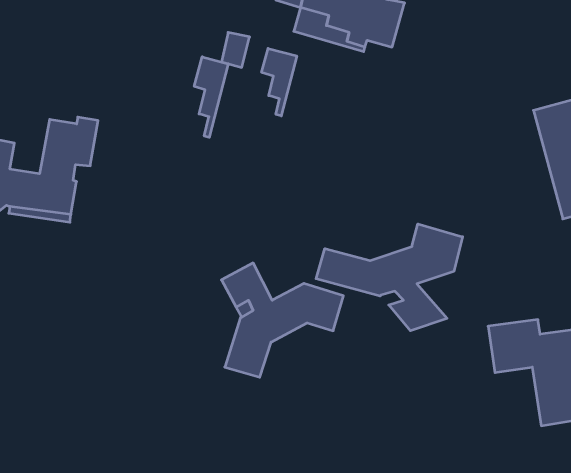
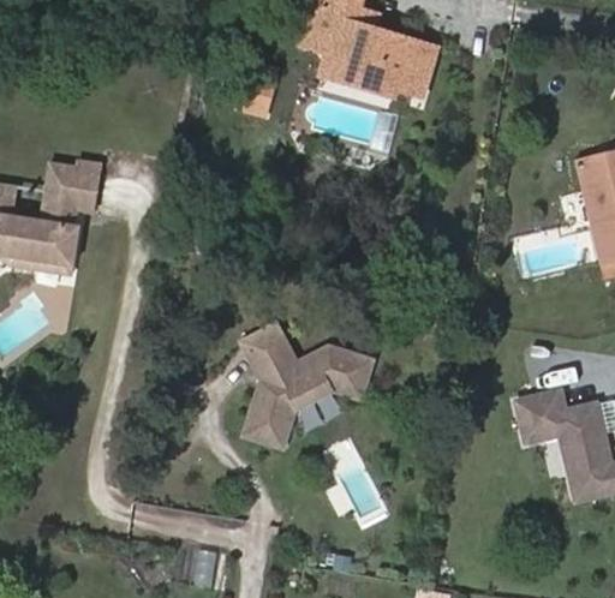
building: [262,48,297,116] -> none
building: [194,57,228,137] -> none
building: [316,224,463,331] -> none

